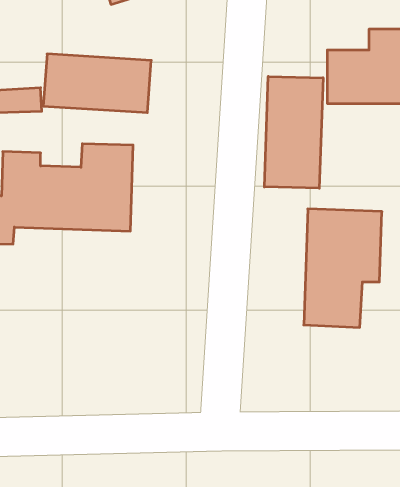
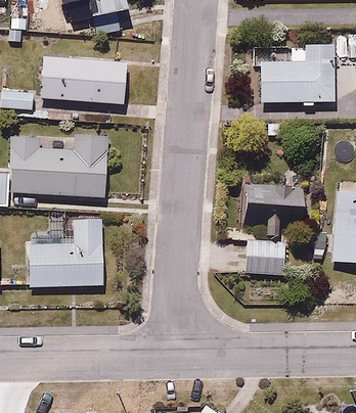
building: [264,76,323,188] -> none
building: none -> [30,217,105,288]

